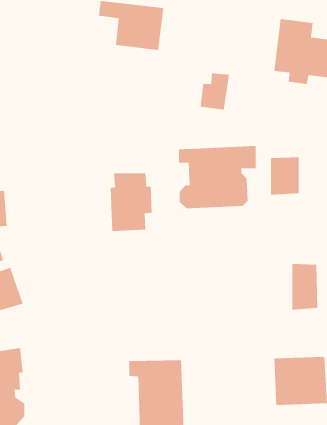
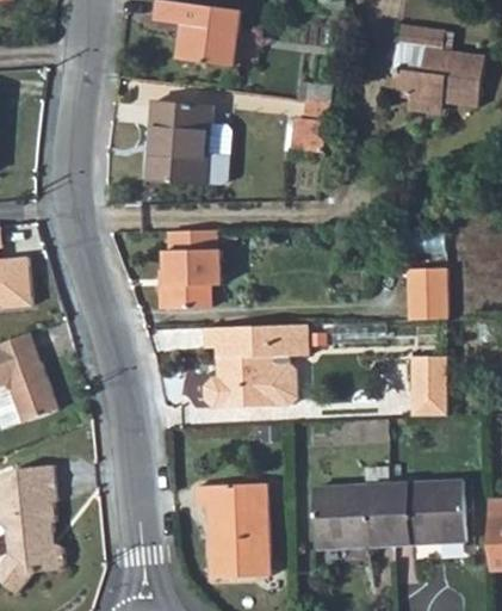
building: none -> [147,104,228,186]
building: [178,145,256,209] -> [203,323,308,408]
building: [270,157,300,195] -> [408,269,447,320]
building: none -> [310,481,391,547]

